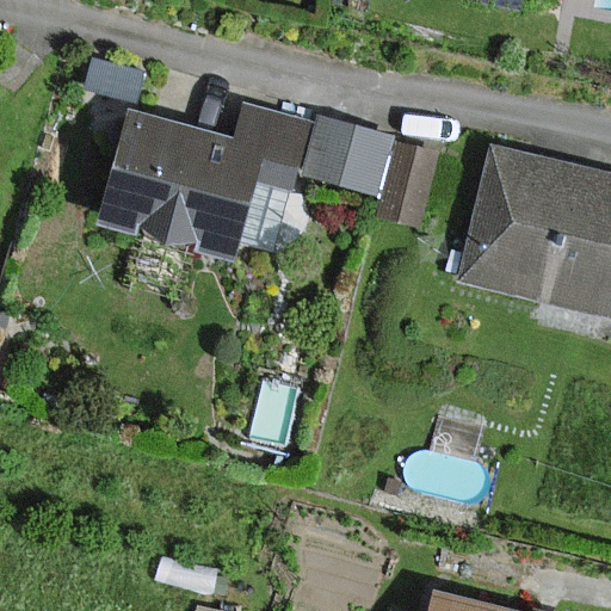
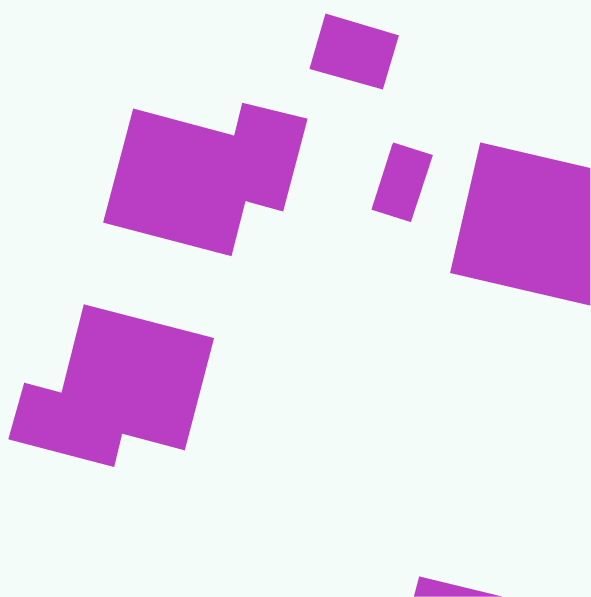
building: [302,118,395,197] -> [308,13,400,90]
building: none -> [7,303,215,468]

